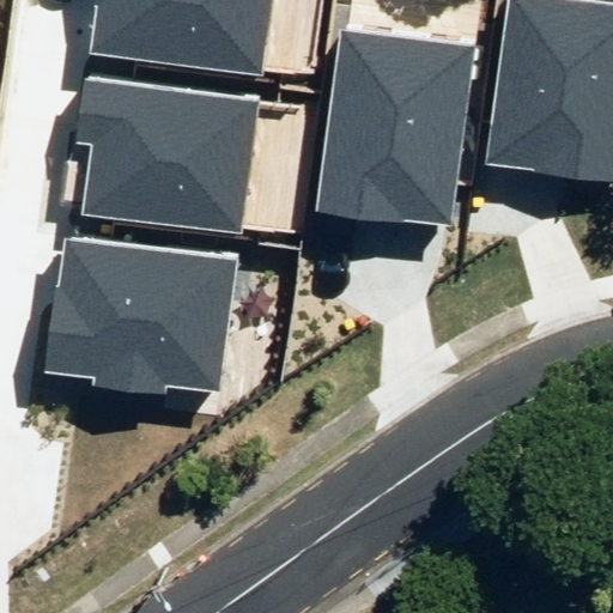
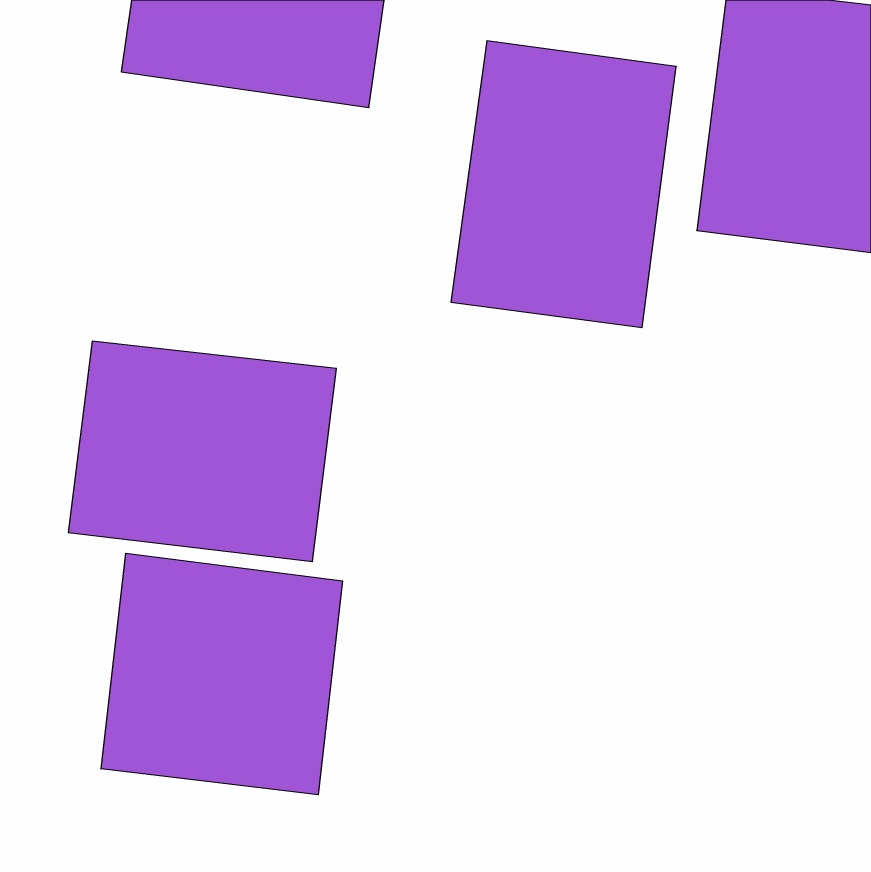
building: [80,83,254,232] -> none
building: none -> [101,553,343,795]

